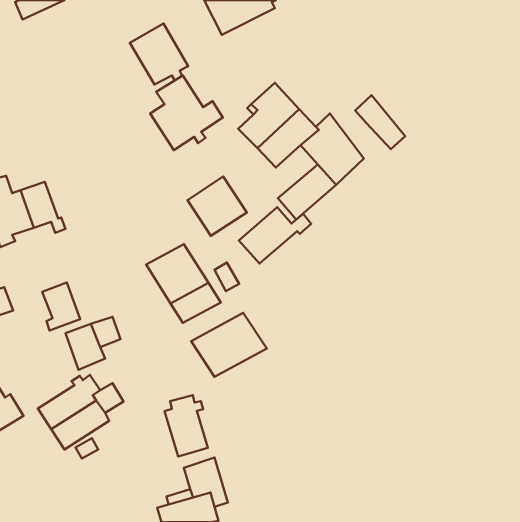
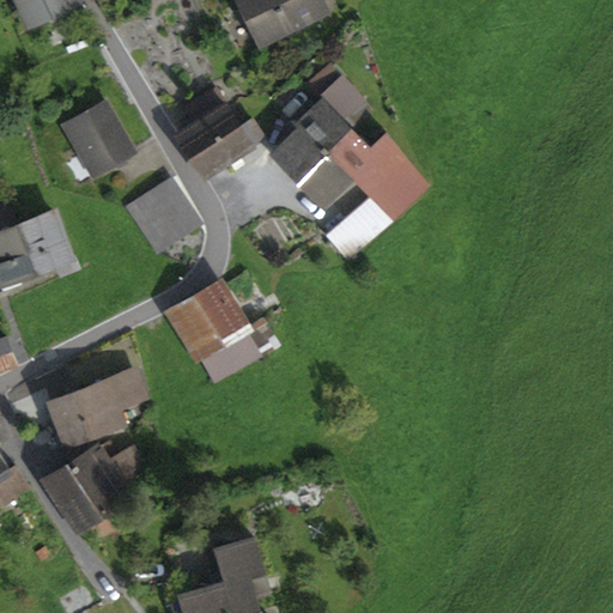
building: [130,23,188,85] -> [63,102,132,174]
building: [355,95,405,149] -> [309,65,368,128]
building: [187,177,247,236] -> [127,183,196,253]
building: [239,207,311,263] -> none
building: [42,283,80,331] -> [48,390,92,447]
building: [191,313,267,377] -> none
building: [165,395,208,457] -> none

